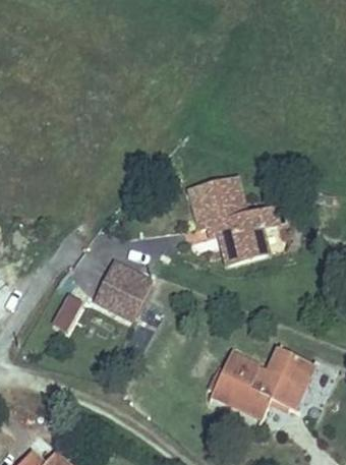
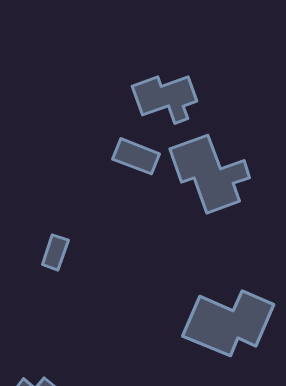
building: none -> [132,77,197,124]
building: [100,267,153,306] -> [113,139,160,174]

